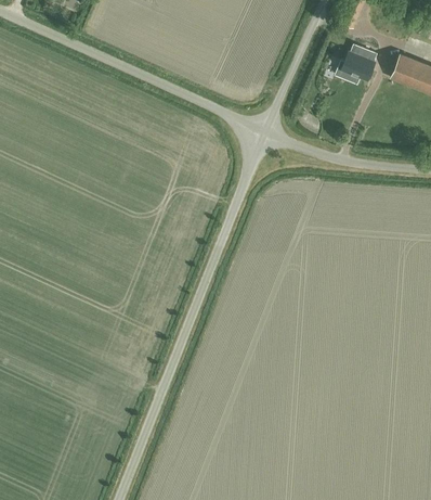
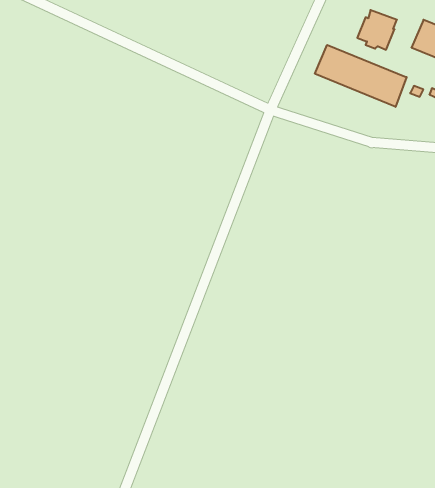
building: none -> [315,45,407,107]

